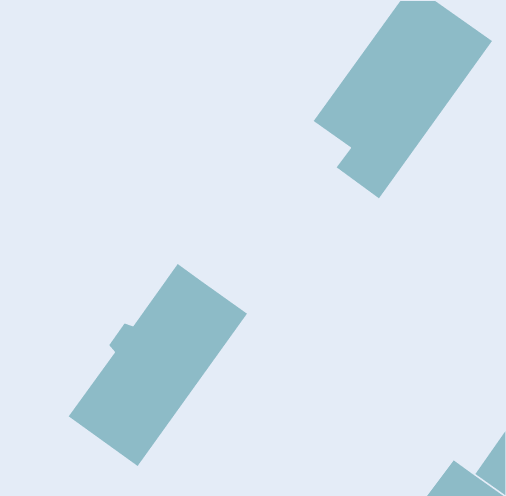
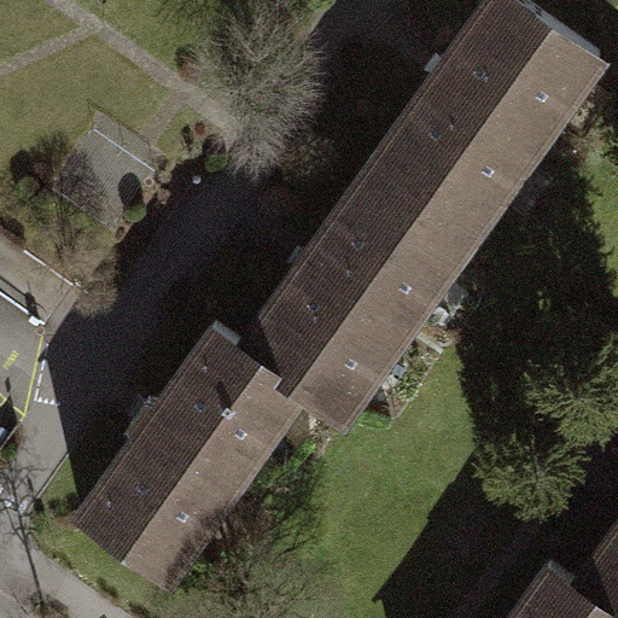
building: none -> [243,161,461,422]

